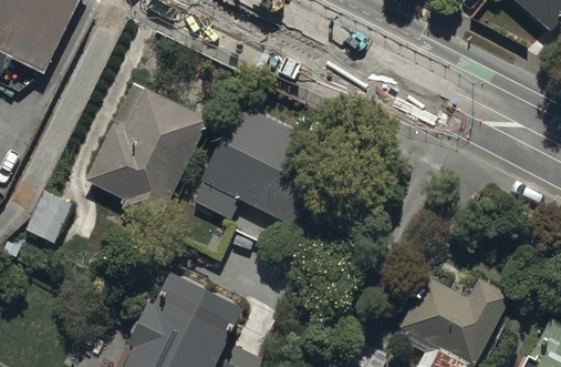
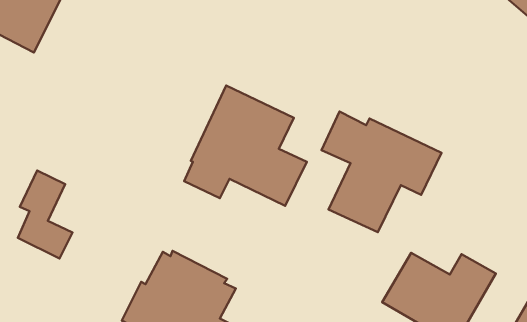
building: [85,81,210,224] -> none
building: none -> [321,111,441,232]

